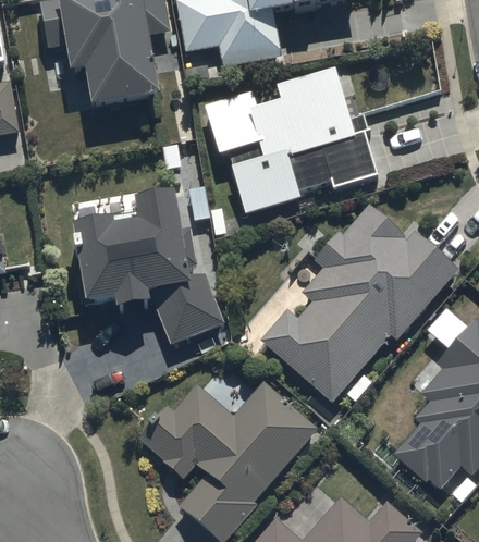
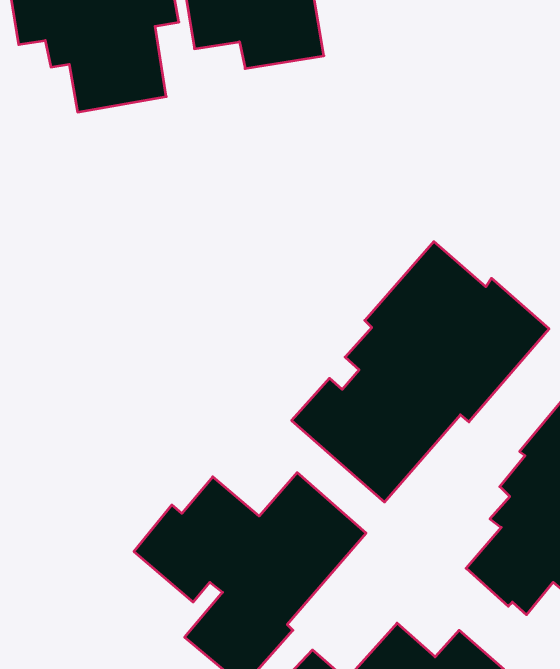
building: [202,65,379,214] -> none
building: [75,188,226,345] -> none

